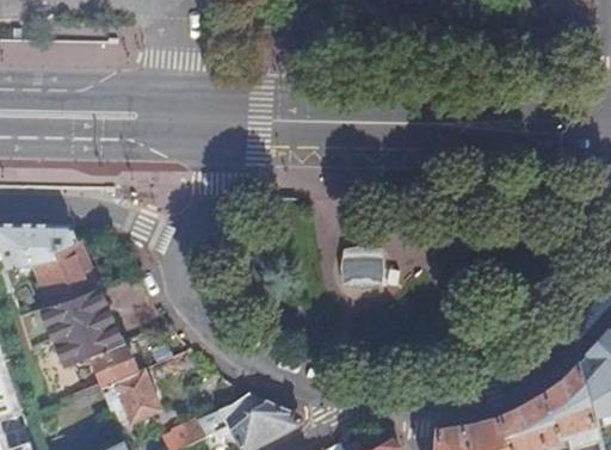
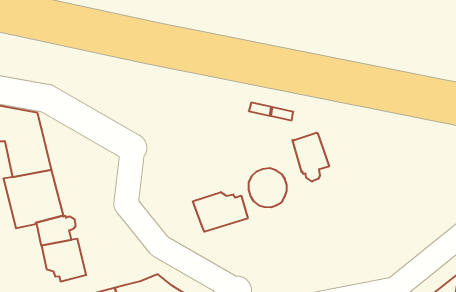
building: none -> [292,133,329,182]
building: none -> [193,192,248,232]

